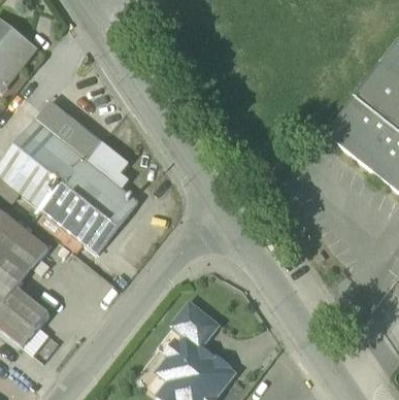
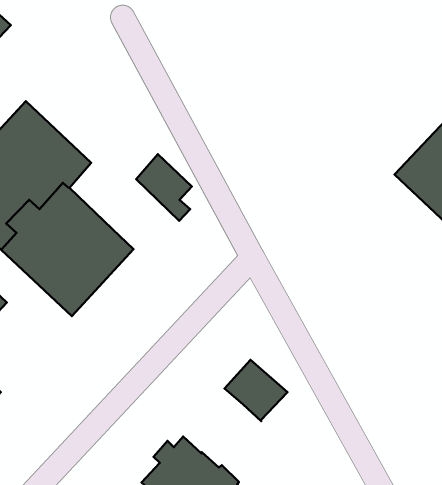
building: [88,141,129,189] -> [136,154,192,221]
building: [171,303,218,347] -> [224,360,287,421]

